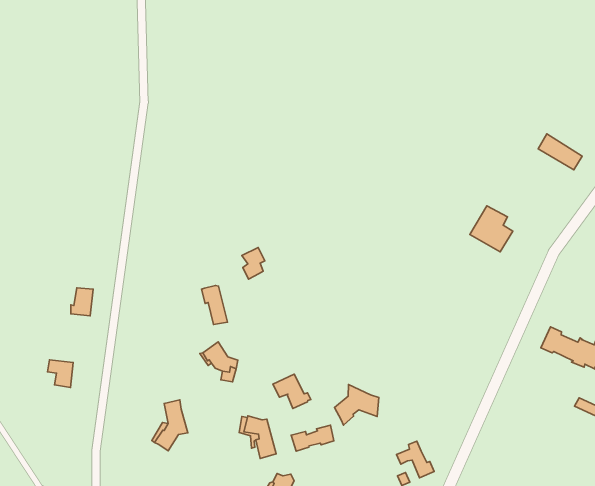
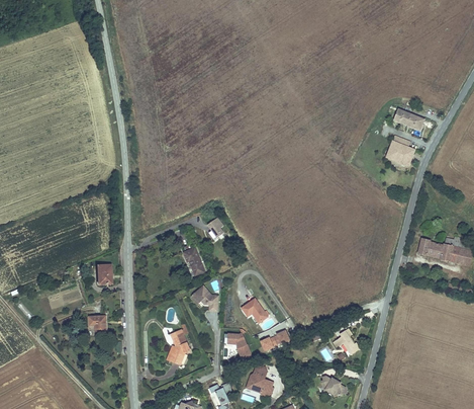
building: [470,206,513,252] -> [386,136,414,165]
building: [335,385,379,425] -> none

